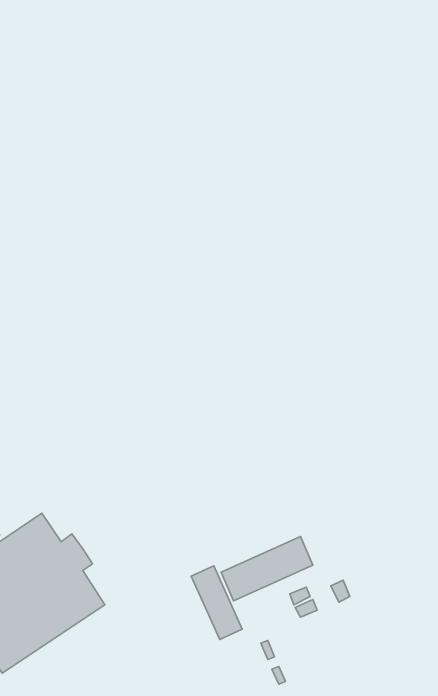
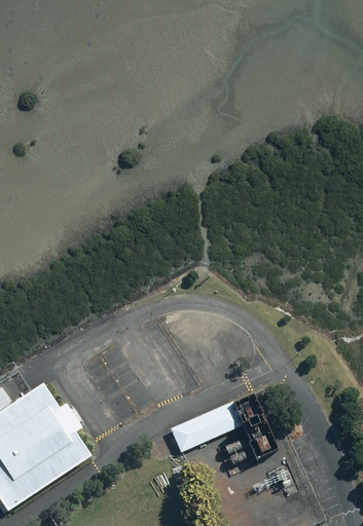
building: [191,566,242,640] -> none

